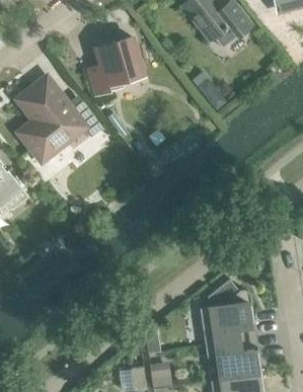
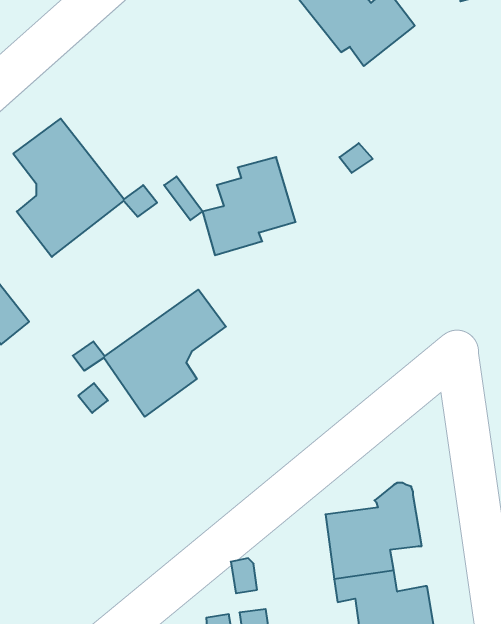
building: [89,37,143,94] -> [203,157,296,255]
building: none -> [73,290,226,417]

